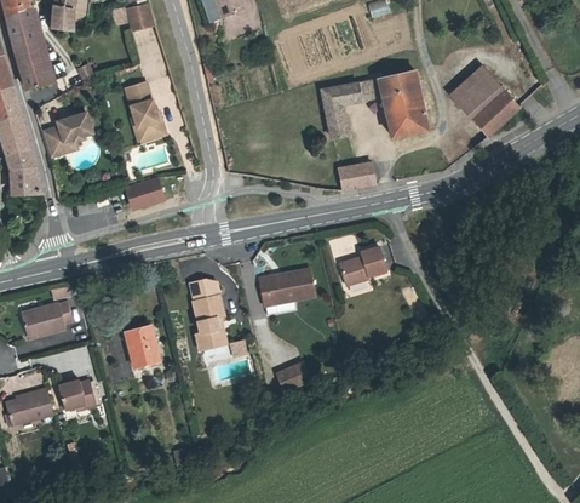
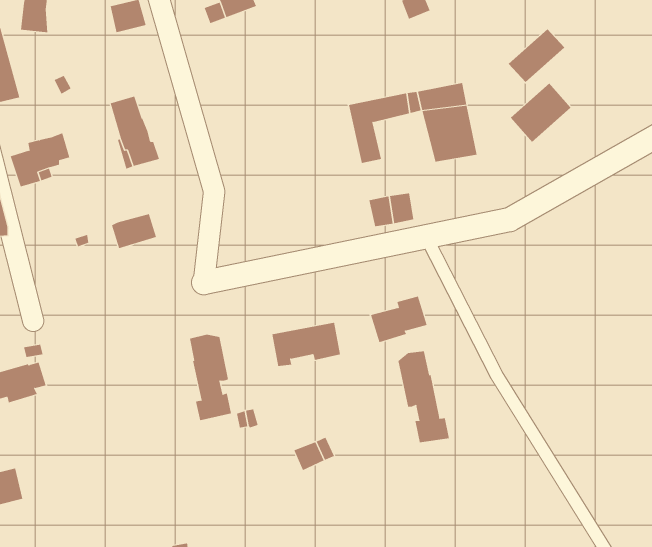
building: [472,91,519,136] -> [508,29,565,83]
building: none -> [398,350,450,443]
building: [126,325,159,366] -> none
building: [58,379,96,408] -> none

